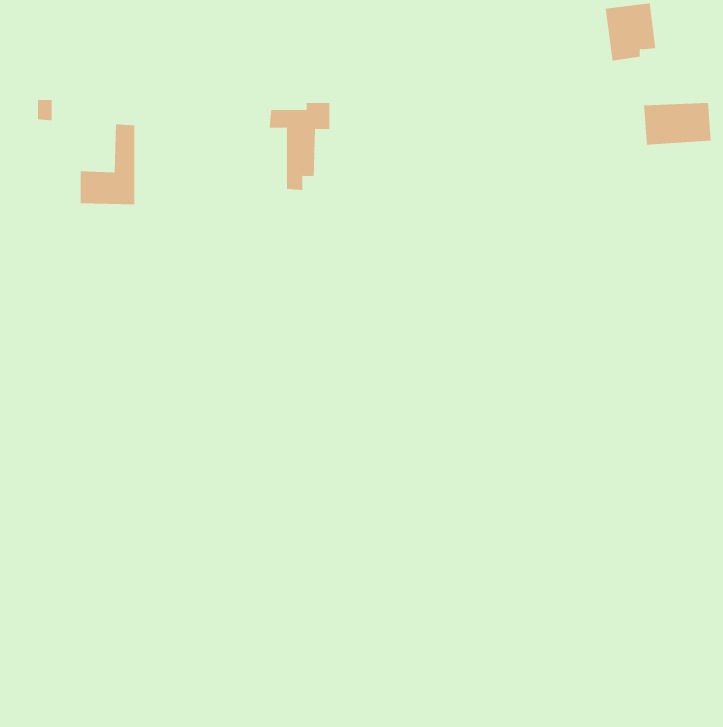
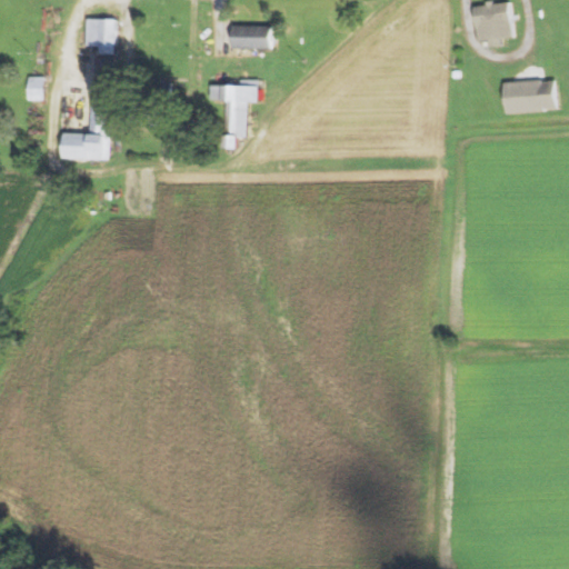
building: none -> [86,18,114,54]
building: none -> [231,24,270,48]

